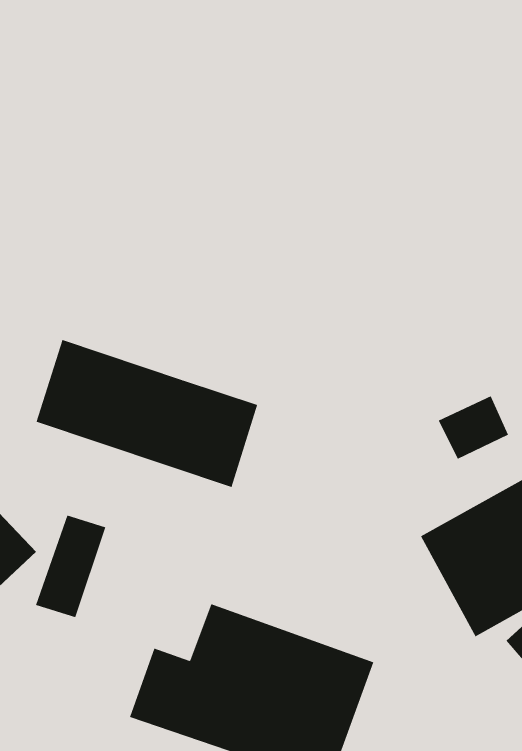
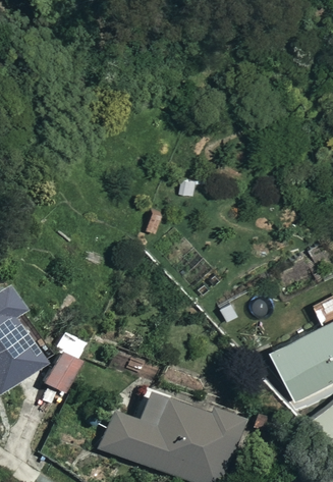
building: [36,339,258,488] -> none

